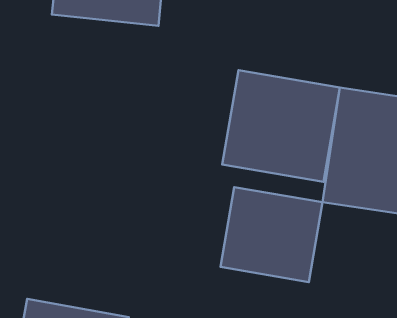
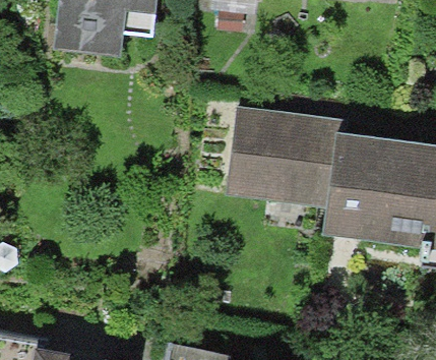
building: [221,187,323,282] -> none

